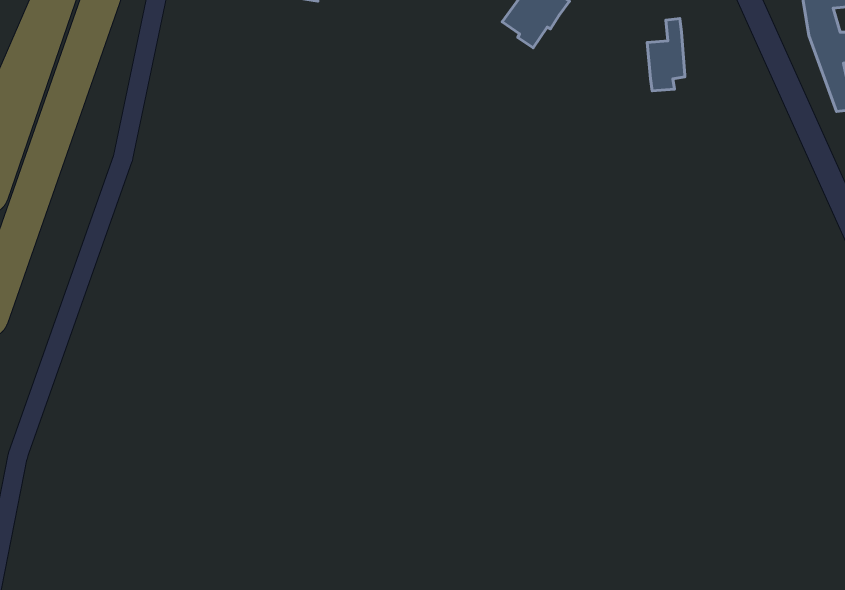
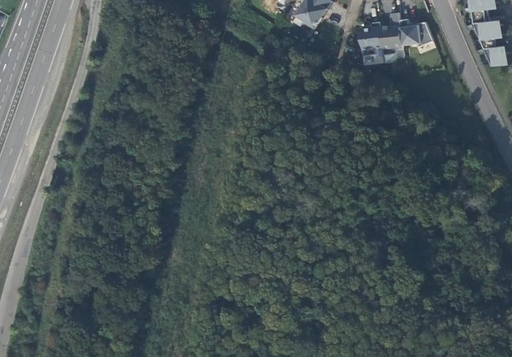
building: none -> [399,20,432,48]
building: none -> [359,22,381,56]

